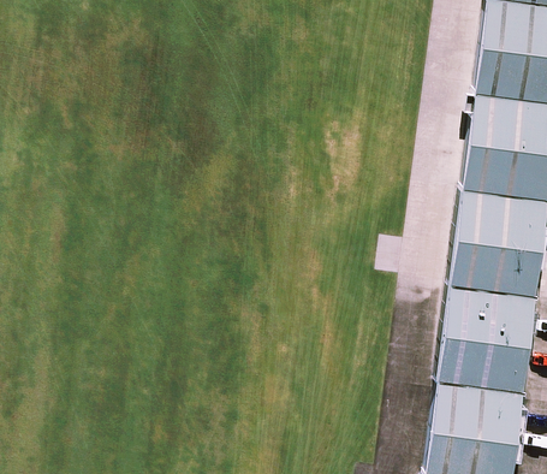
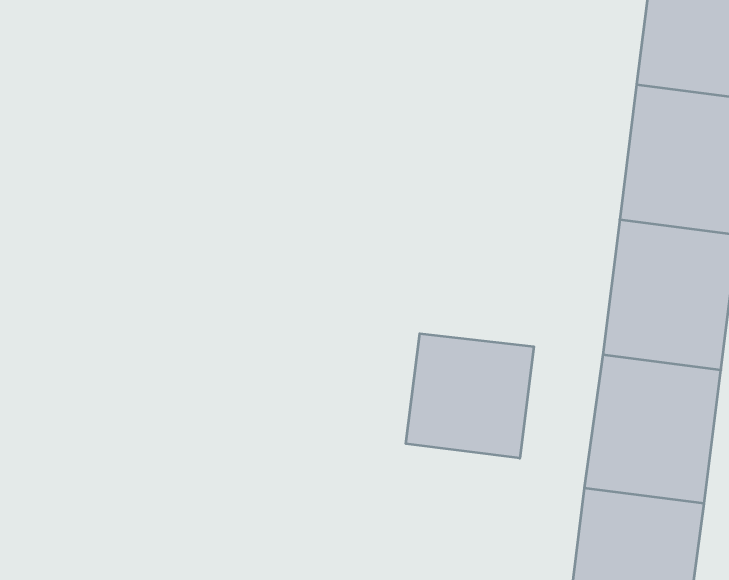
building: none -> [406,334,534,458]

